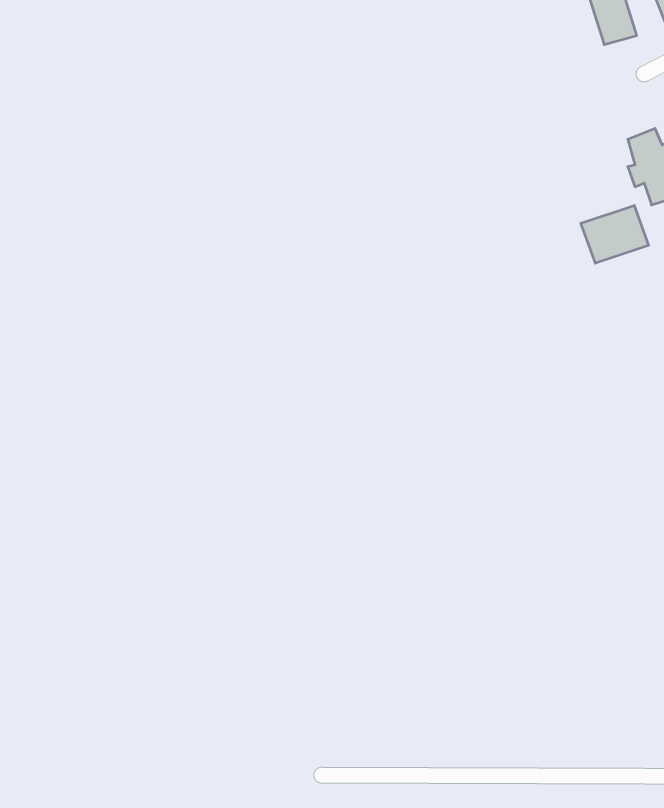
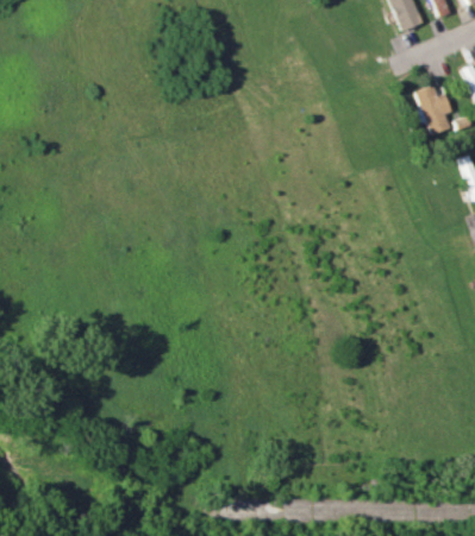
building: [581,205,649,263] -> none

